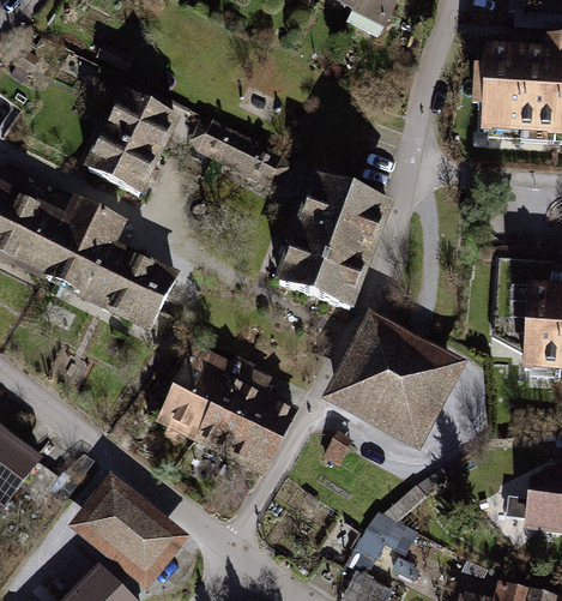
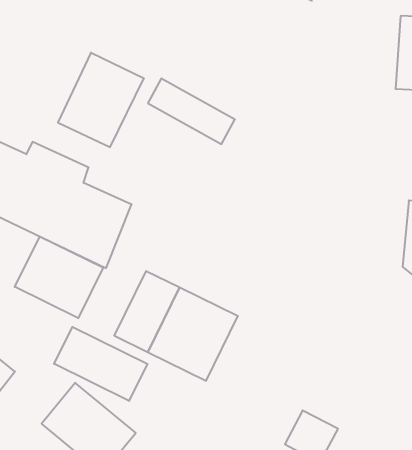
building: [279,175,391,311] -> none
building: none -> [15,236,103,318]
building: [326,315,465,451] -> none
building: none -> [54,327,147,401]

